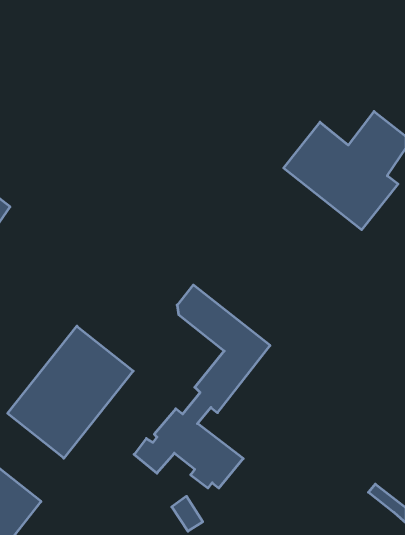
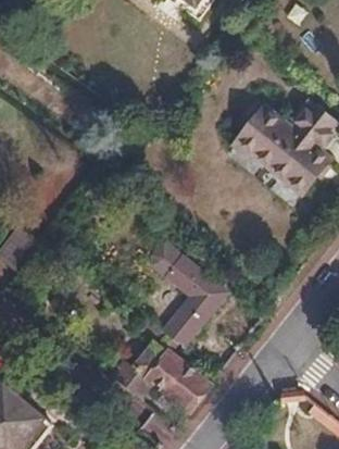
building: [8,326,133,458] -> none

